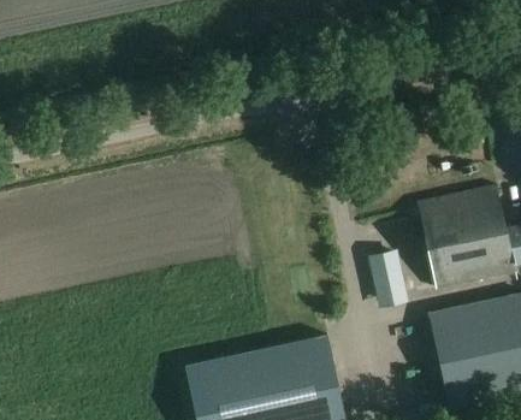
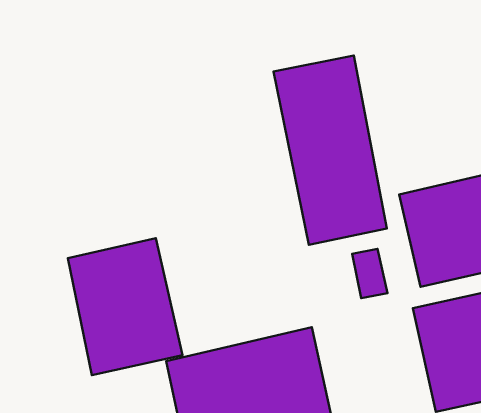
building: none -> [273,55,387,245]
building: none -> [68,238,183,375]

